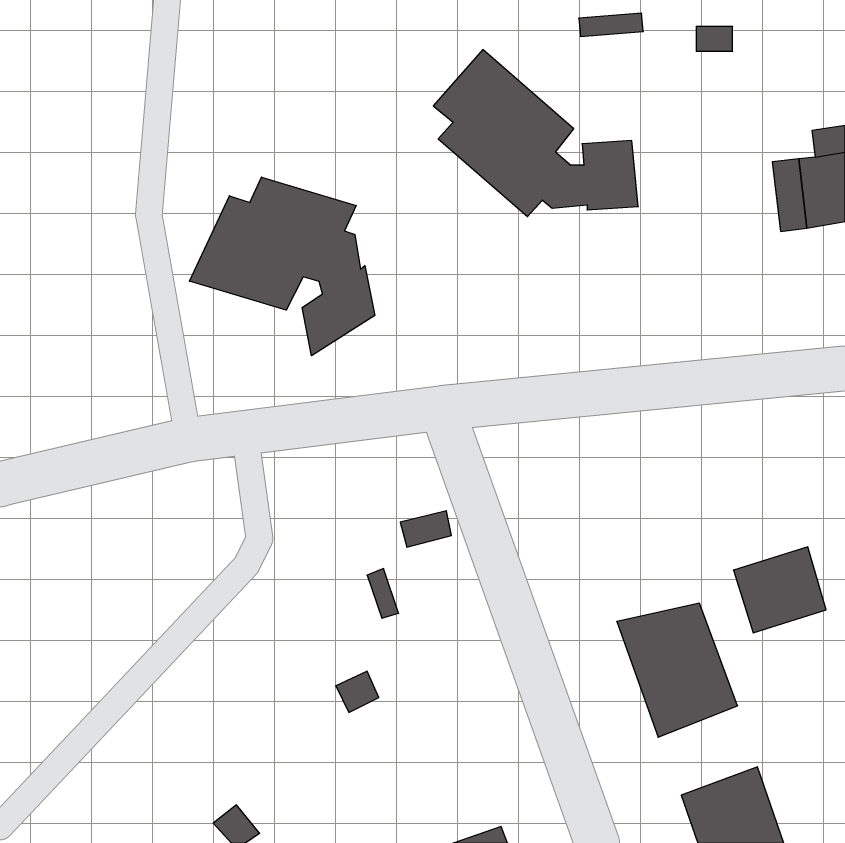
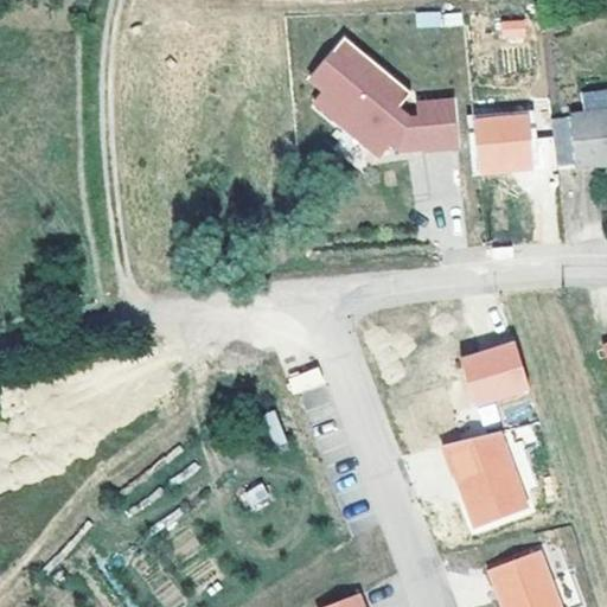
building: none -> [474,114,532,172]
building: [190,177,375,356] -> none
building: [733,547,826,633] -> [462,341,529,403]

